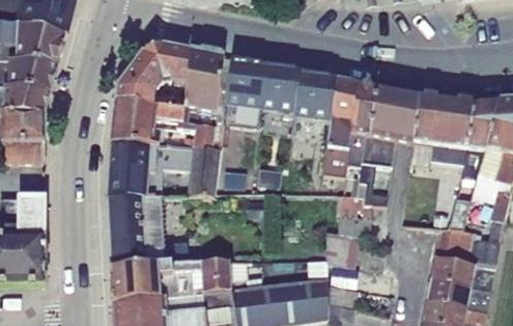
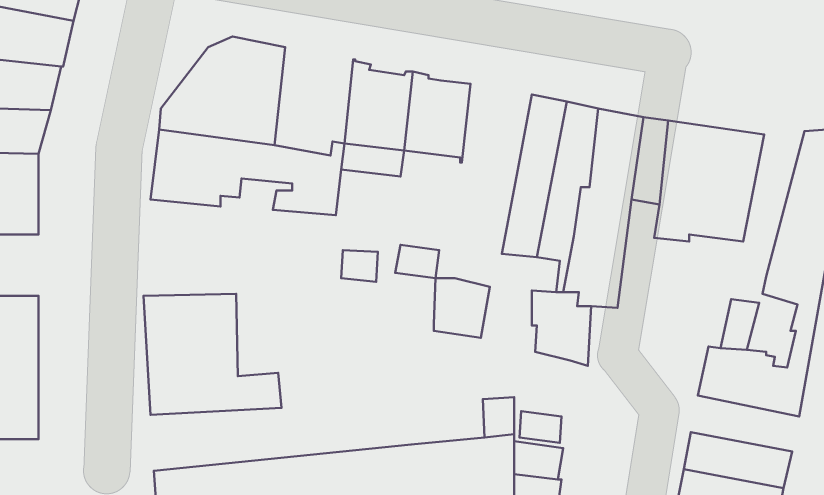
building: [184,49,225,113] -> none
building: [295,71,337,121] -> none
building: [458,99,498,185] -> none
building: [107,139,221,196] -> none
building: [326,229,360,265] -> [434,278,490,338]
building: [431,255,495,289] -> none
building: [111,260,265,300] -> none

